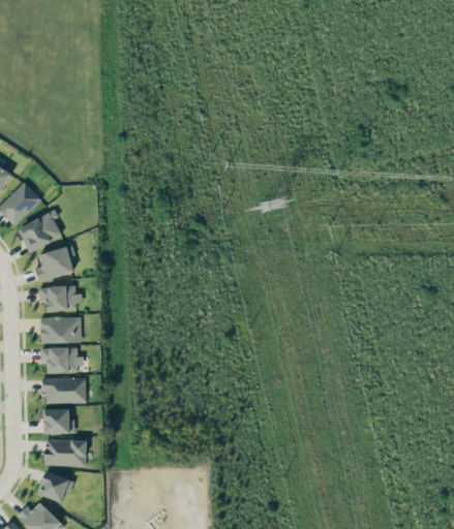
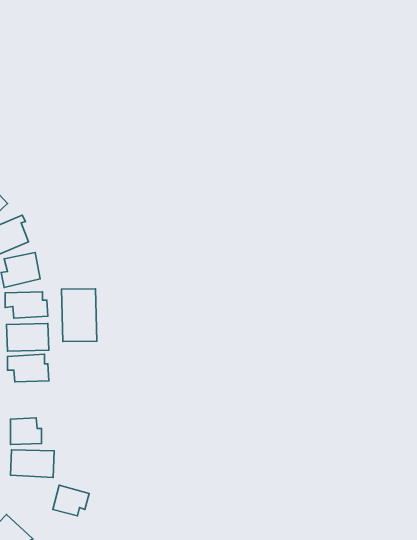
building: none -> [62,289,97,342]
building: [42,377,86,403] -> none
building: [39,471,74,501] -> [53,485,89,516]

